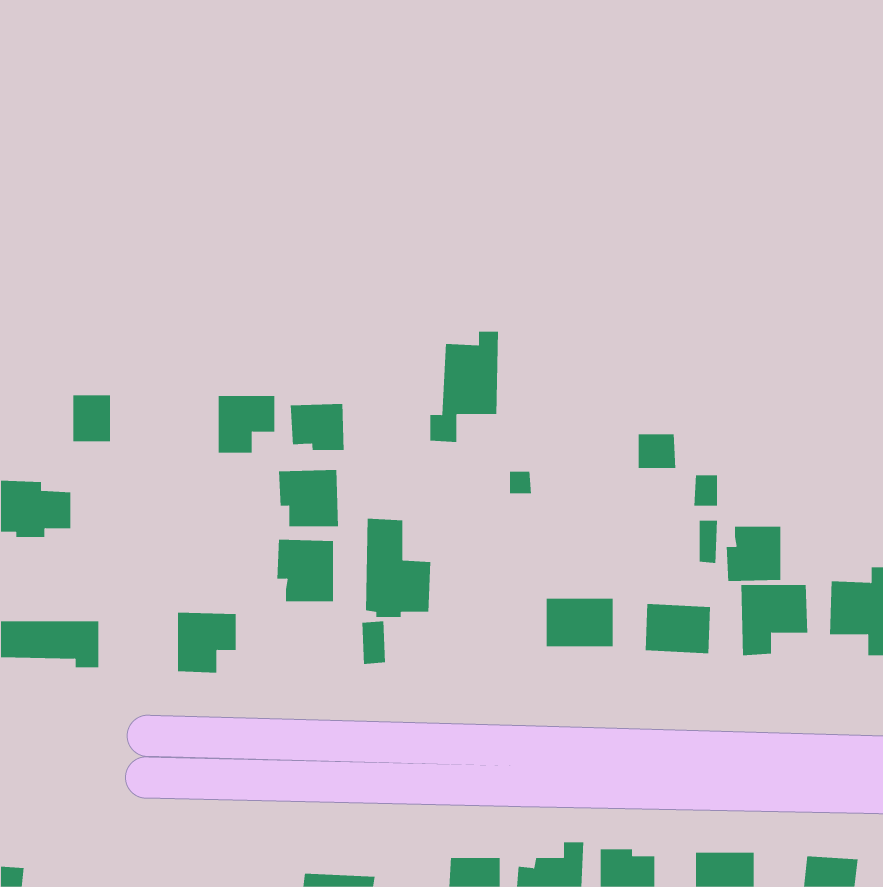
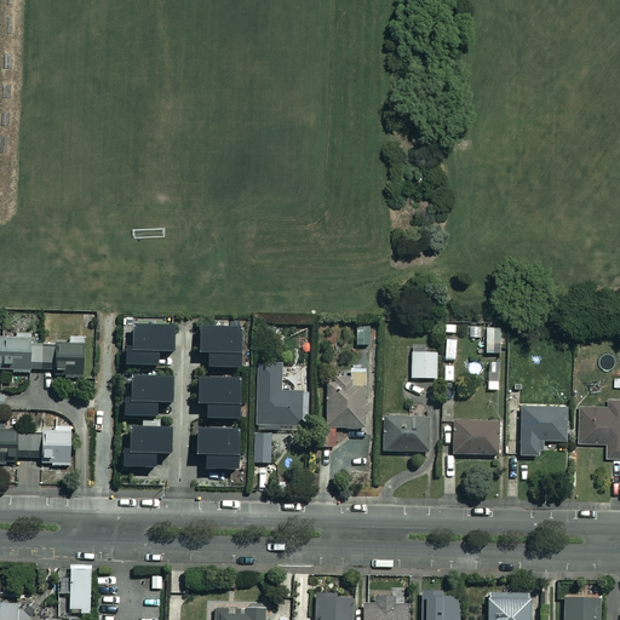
building: [429,331,499,442] -> [318,369,367,447]
building: [72,395,111,442] -> [63,346,90,379]
building: [218,396,275,453] -> [131,326,171,366]
building: [290,403,344,451] -> none
building: [638,434,676,469] -> [413,354,440,378]
building: [726,526,781,582] -> none
building: none -> [128,374,170,418]
building: none -> [195,427,236,466]
building: none -> [71,566,93,613]

